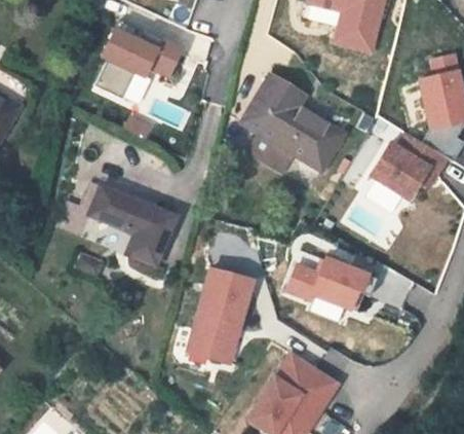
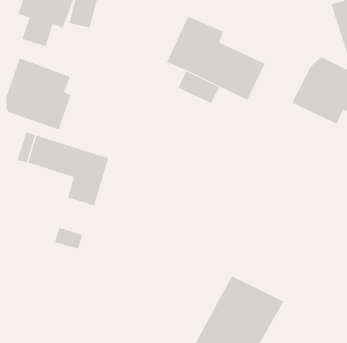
building: none -> [6,57,71,130]
building: [282,253,373,313] -> none
building: [185,266,257,365] -> none

